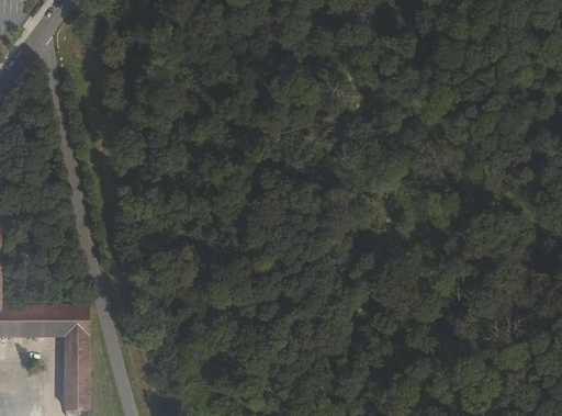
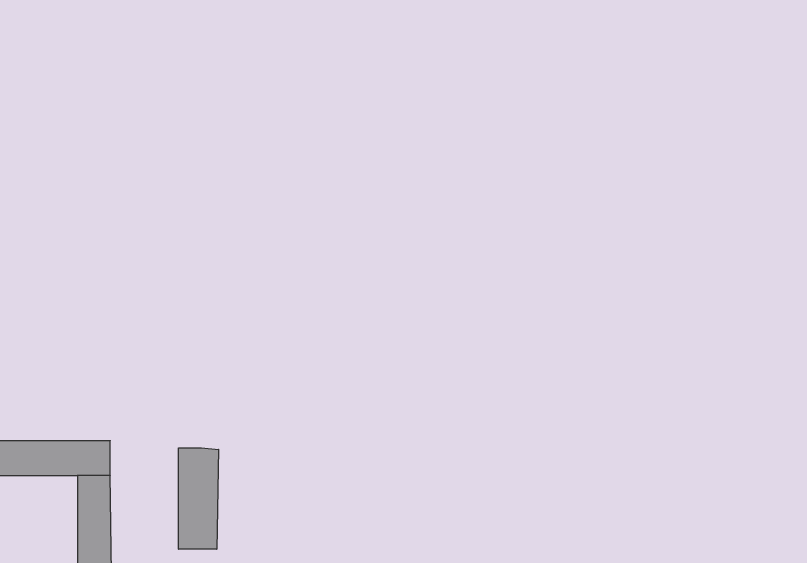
building: none -> [179,448,219,549]

